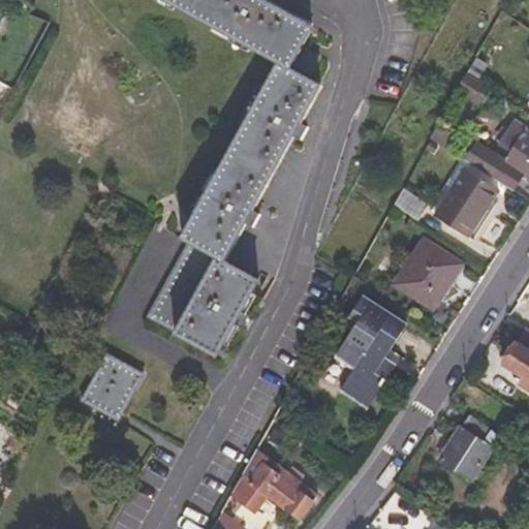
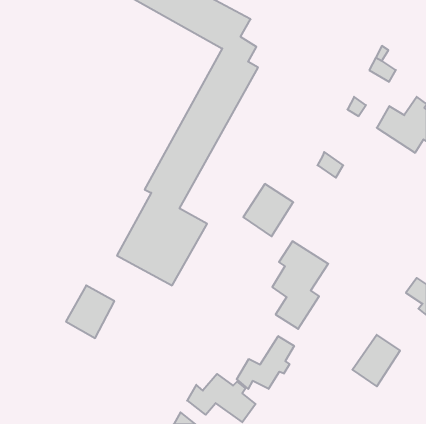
building: [434,168,496,235] -> none
building: [398,240,460,305] -> [243,184,293,236]
building: none -> [237,336,294,389]

